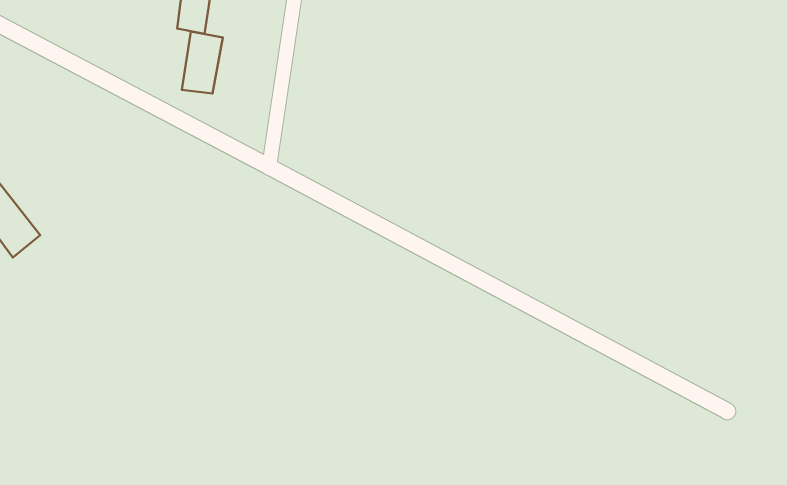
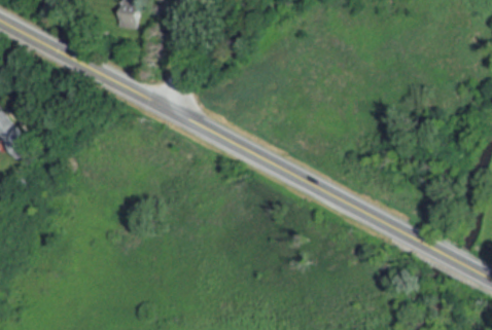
building: [182,31,223,94] -> none

